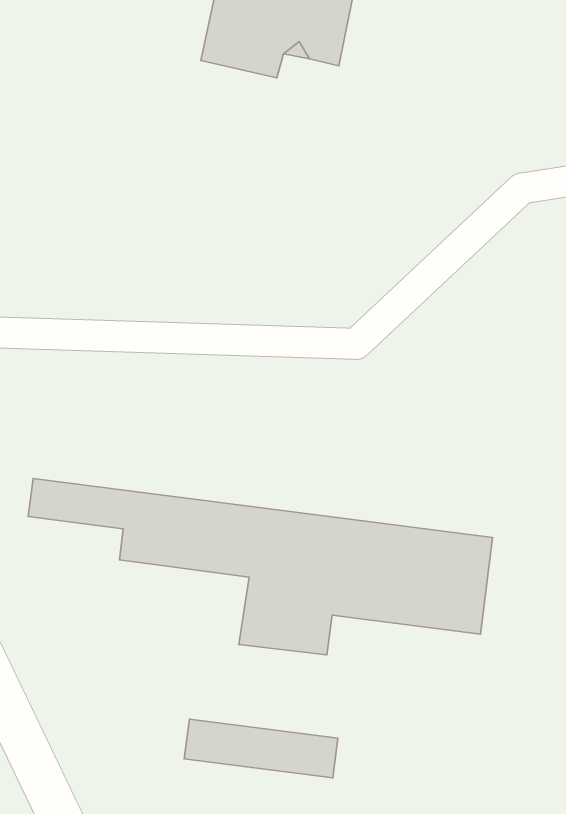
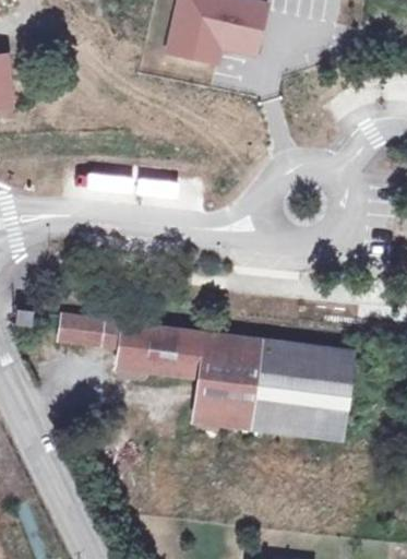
building: [184,719,338,778] -> [249,402,346,439]

